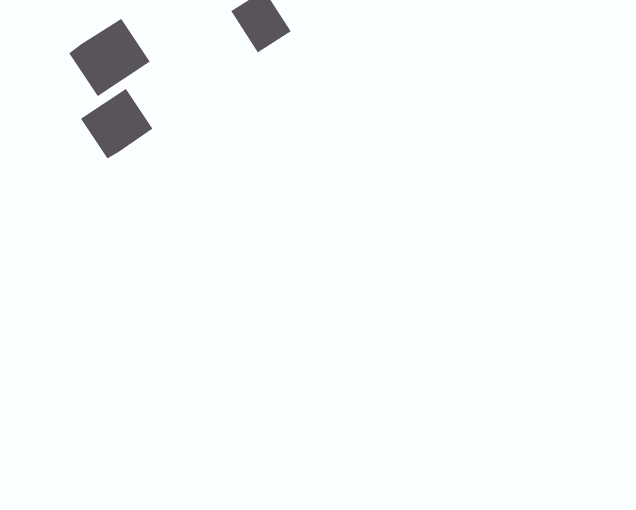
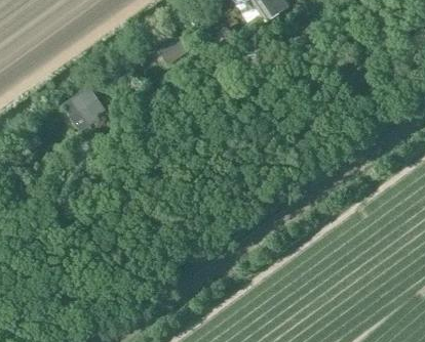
building: [68,18,151,97] -> none

